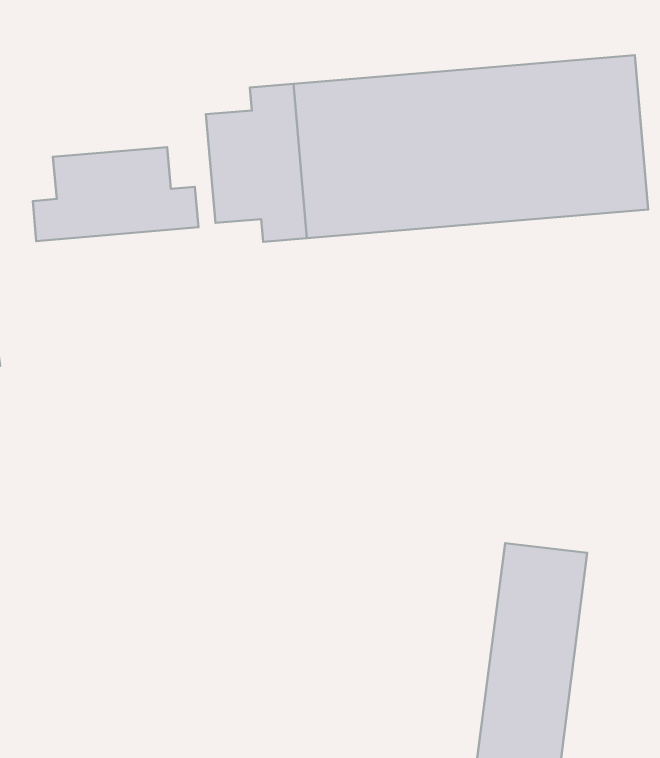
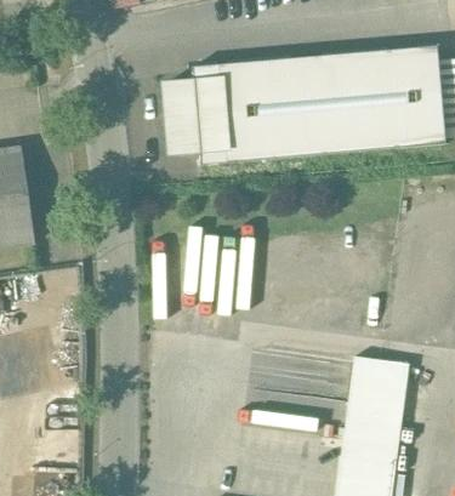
building: [33,147,198,241] -> none

